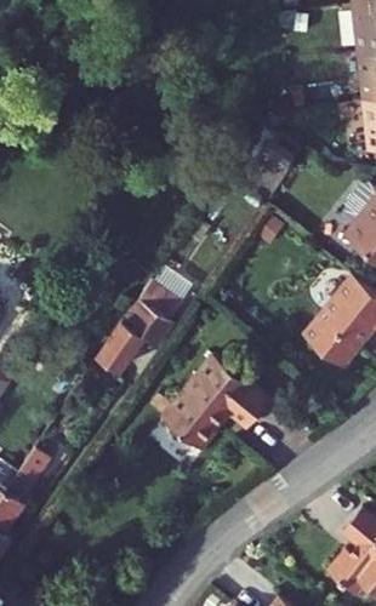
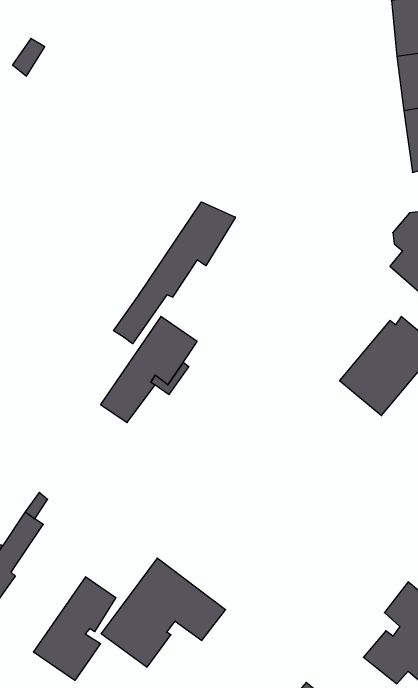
building: none -> [114,202,235,344]
building: [160,358,268,452] -> [101,558,226,667]
building: none -> [34,577,116,680]

